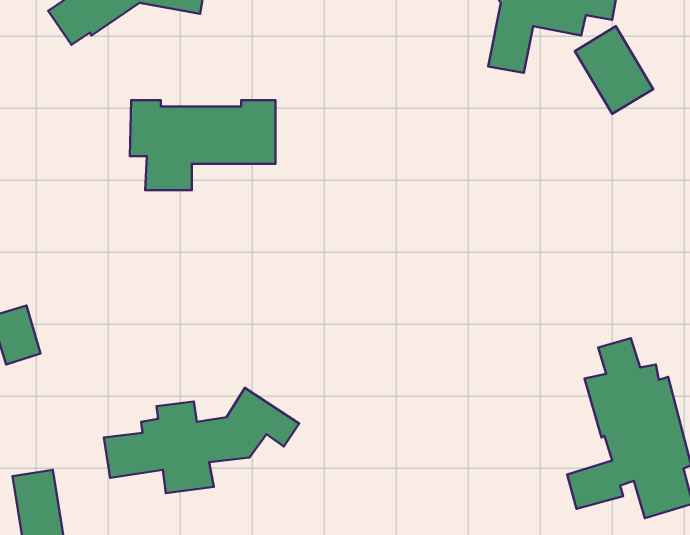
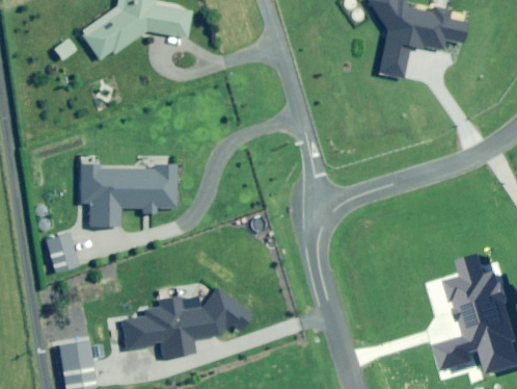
building: [575,26,653,114] -> none
building: [130,100,275,190] -> [79,164,176,225]

